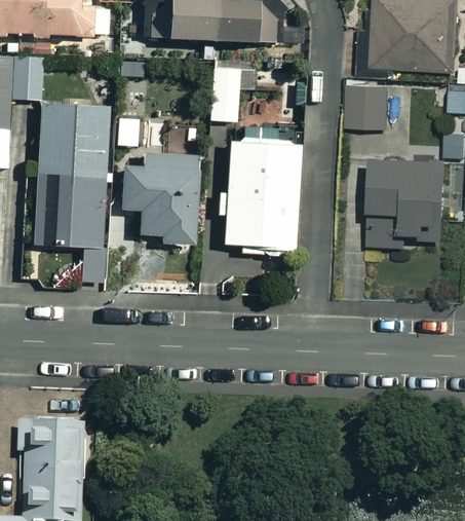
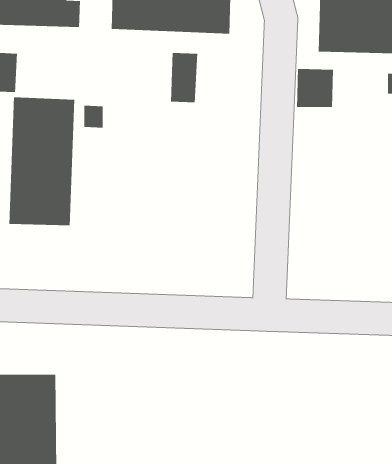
building: [220,135,301,252] -> none
building: [117,155,196,250] -> none
building: [367,157,441,249] -> none

